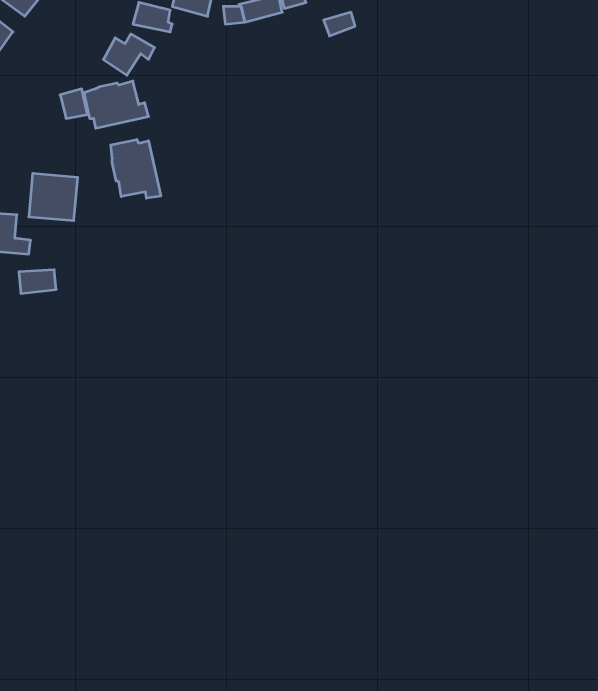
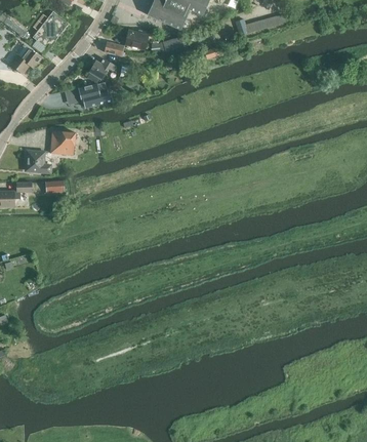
building: [111,139,161,198] -> none

